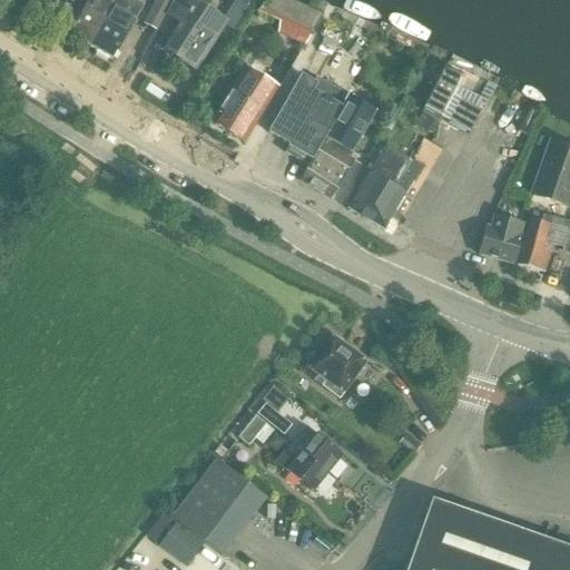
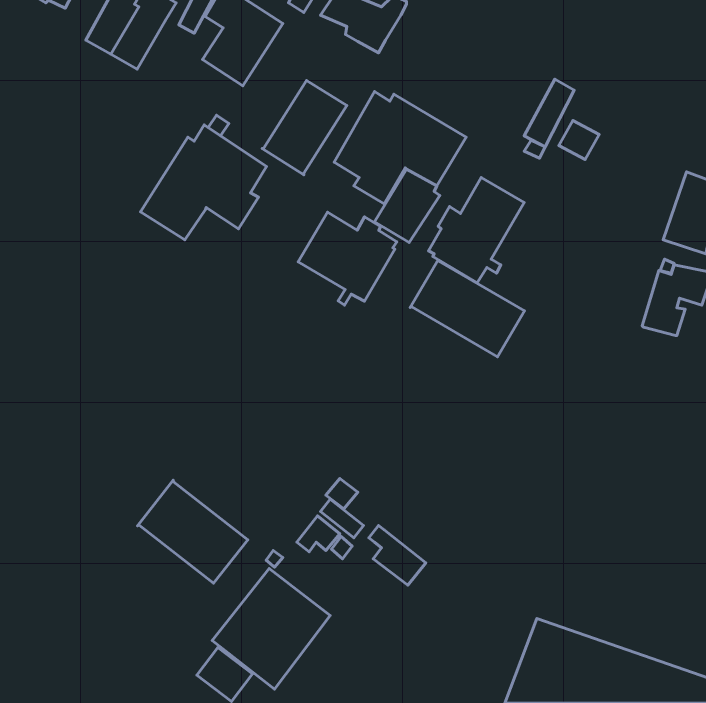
building: none -> [141,125,267,240]
building: none -> [298,212,397,305]
building: none -> [410,260,525,357]
building: [481,214,523,262] -> none
building: [306,333,366,395] -> none
building: none -> [138,480,248,583]
building: [276,448,330,489] -> none

